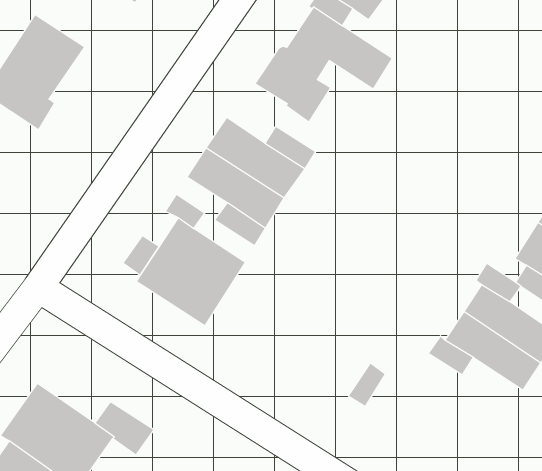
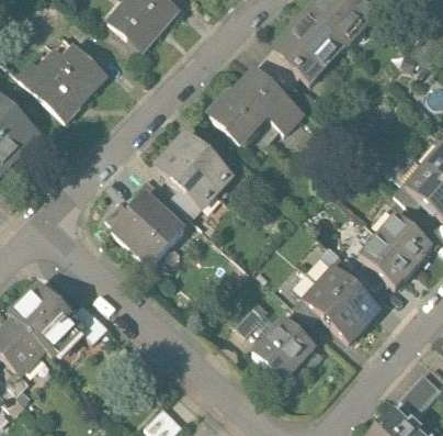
building: none -> [254,316,316,374]

